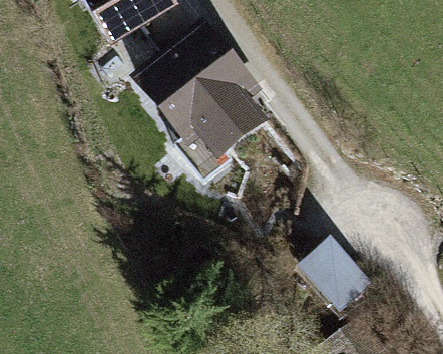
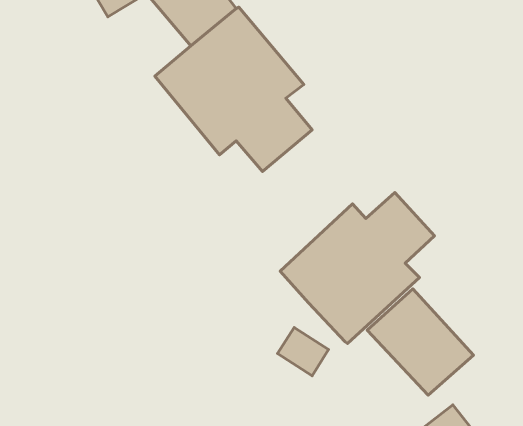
building: none -> [280,193,434,343]

